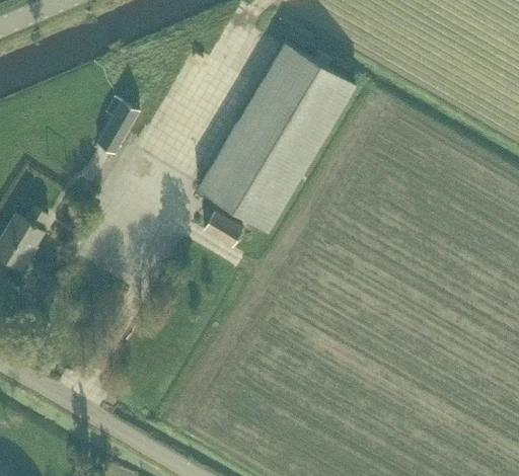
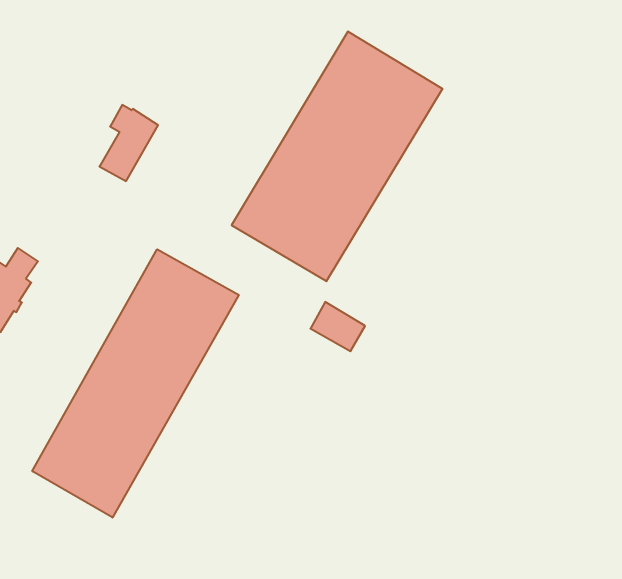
building: none -> [32,249,239,518]
building: [202,214,243,251] -> [310,302,365,351]

